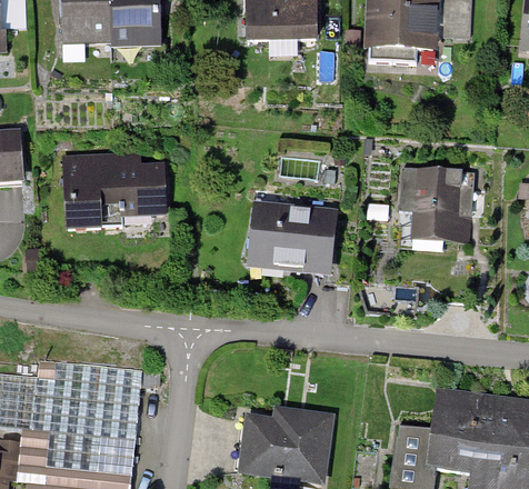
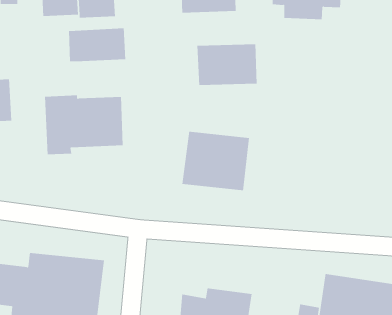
building: none -> [69,28,126,62]
building: none -> [197,43,257,86]
building: [400,166,477,239] -> none

